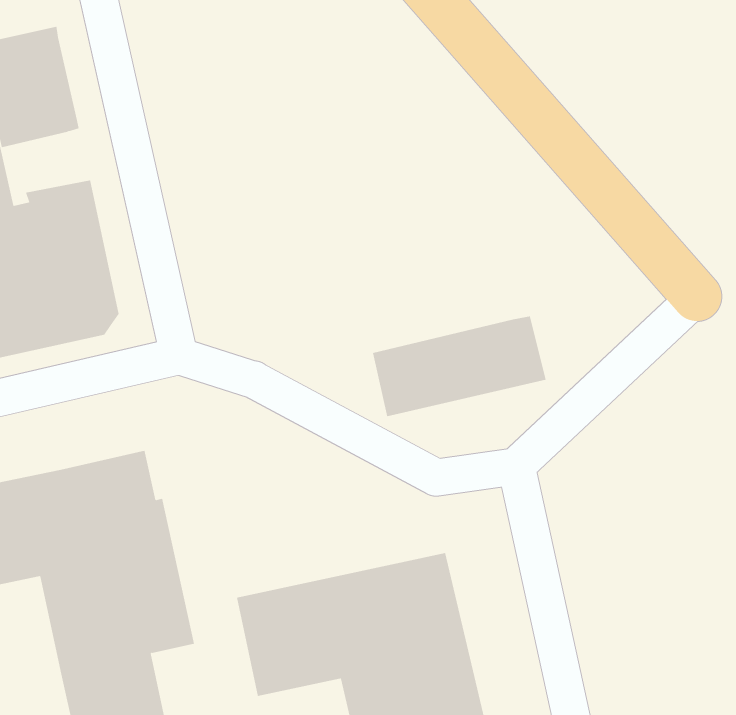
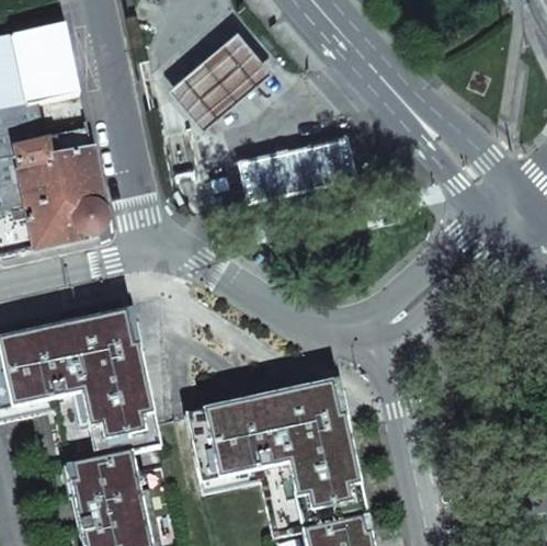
building: none -> [167,31,270,128]
building: [372,316,546,417] -> [238,133,357,202]

